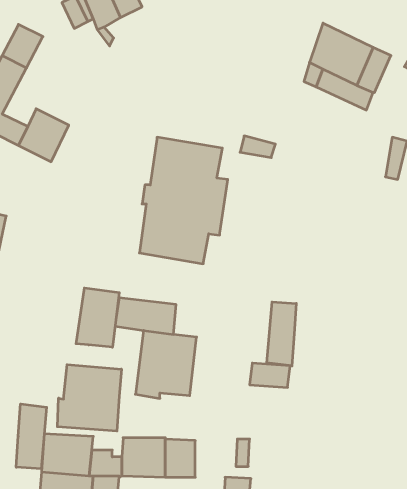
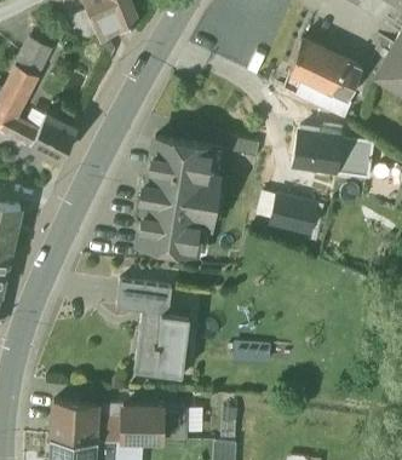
building: none -> [294,125,341,167]
building: none -> [269,189,317,231]
building: [76,288,119,347] -> none
building: [267,302,296,366] -> none
building: [57,365,121,431] -> none
building: [16,404,47,469] -> none

